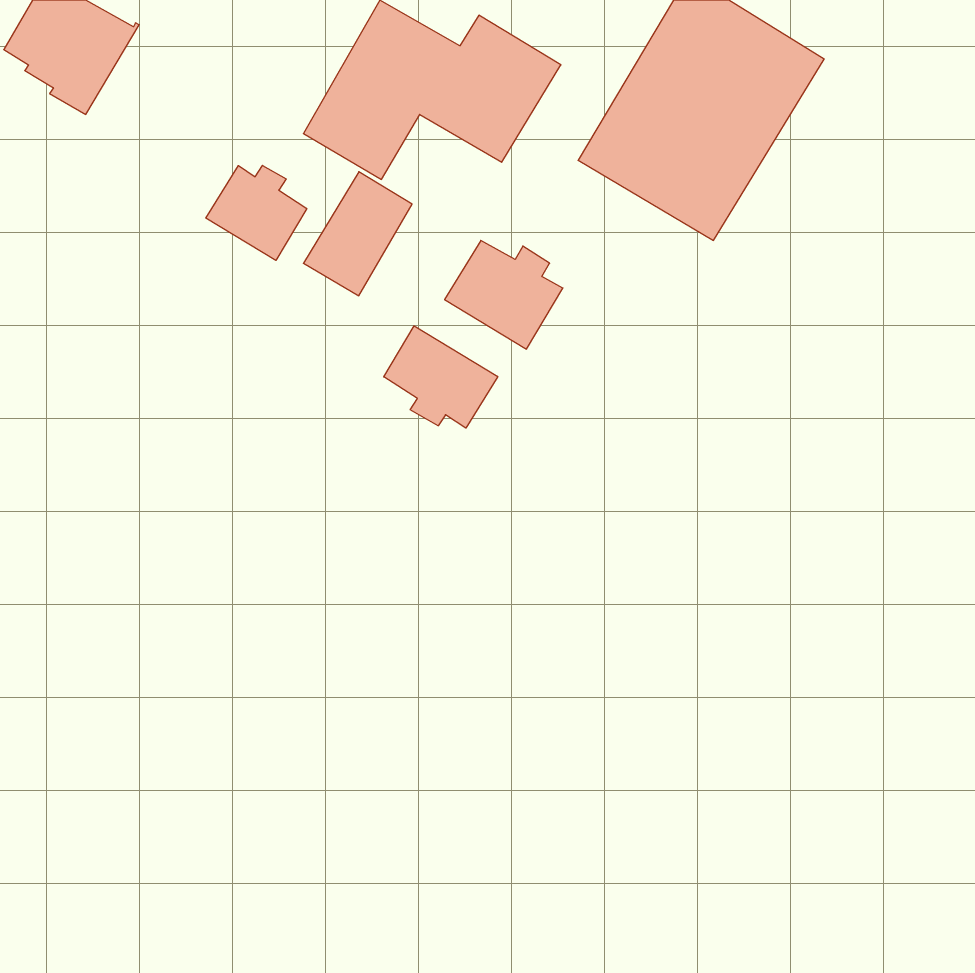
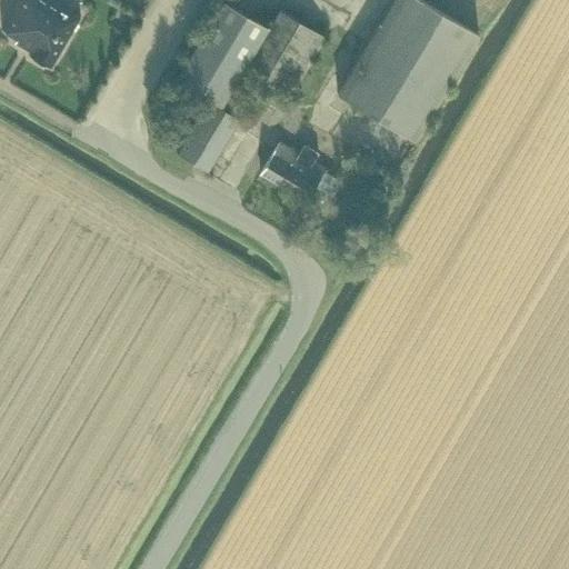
building: [206,165,307,260] -> none
building: [384,326,498,428] -> none

